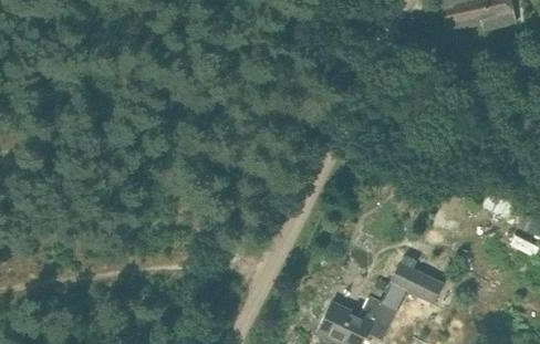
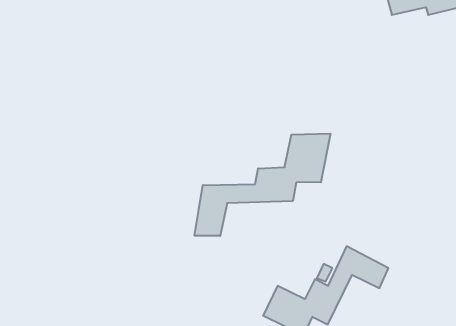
building: none -> [195,134,331,236]

